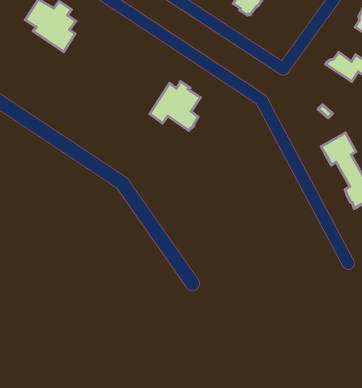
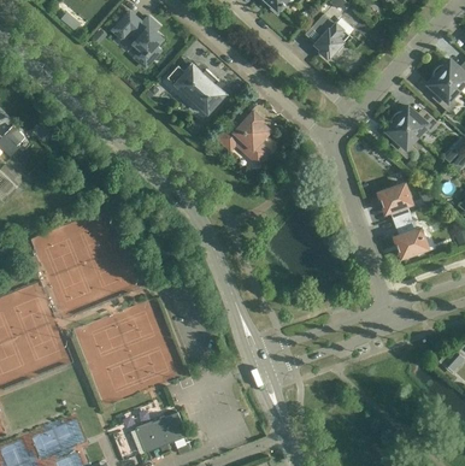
building: none -> [167,61,228,114]
building: none -> [385,114,417,158]

